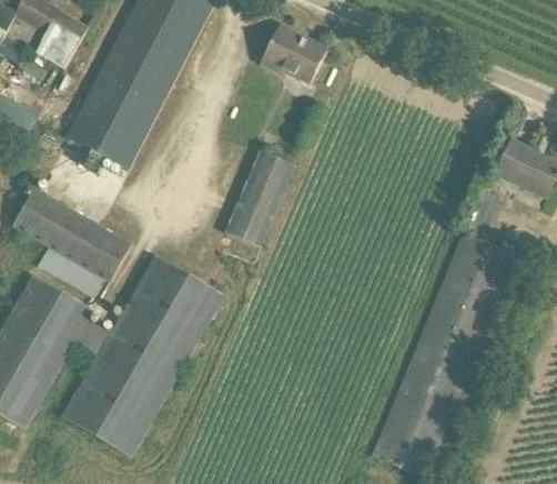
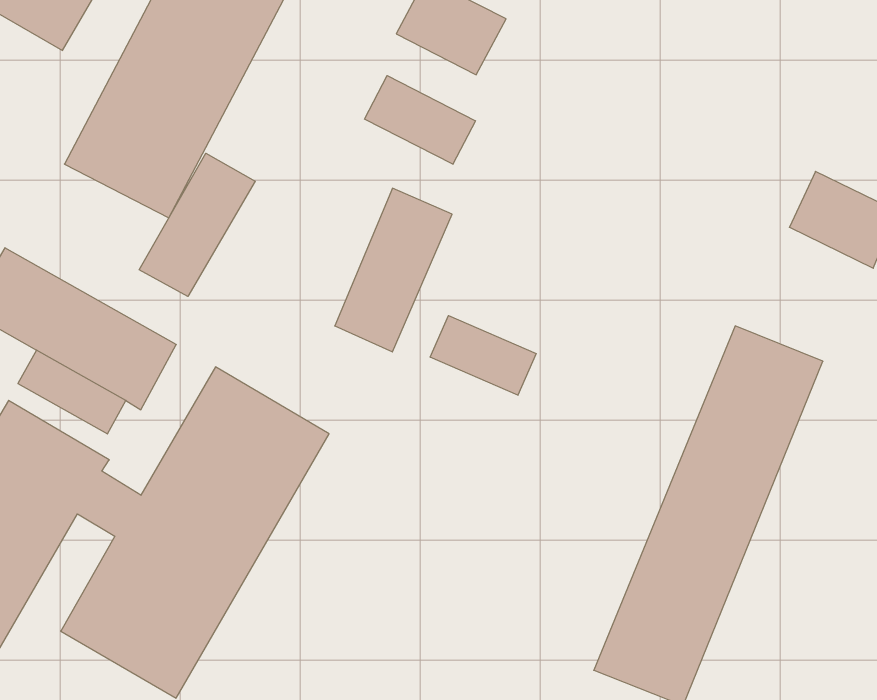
building: none -> [365,76,475,164]
building: none -> [139,153,255,296]
building: none -> [430,316,536,395]

